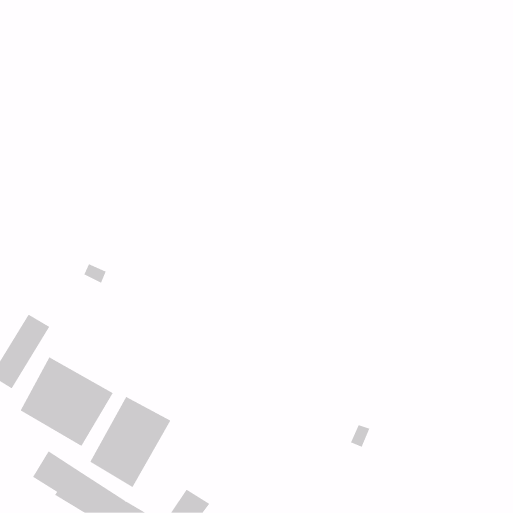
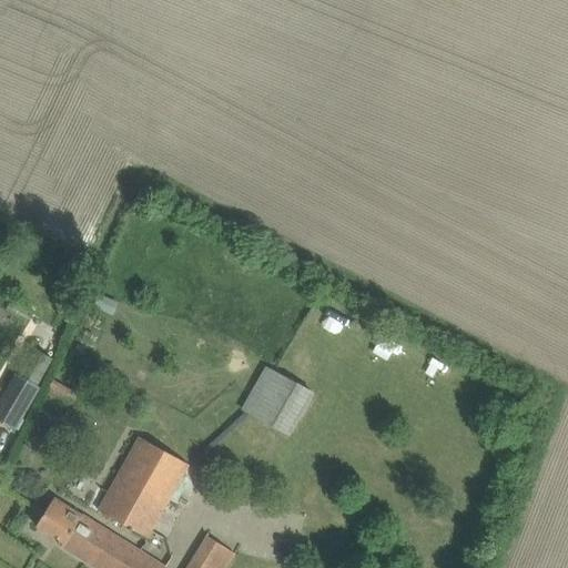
building: none -> [236,363,315,435]
building: [20,356,113,447] -> none

